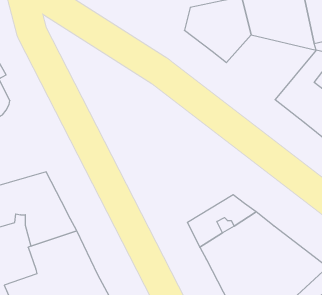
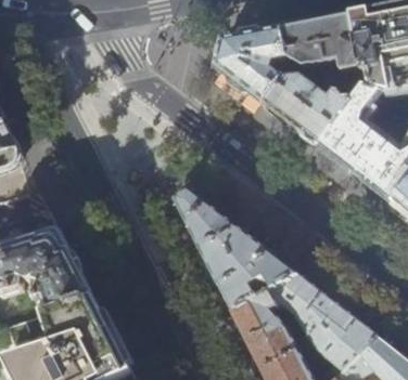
building: none -> [260,69,362,143]
building: none -> [173,187,268,283]

